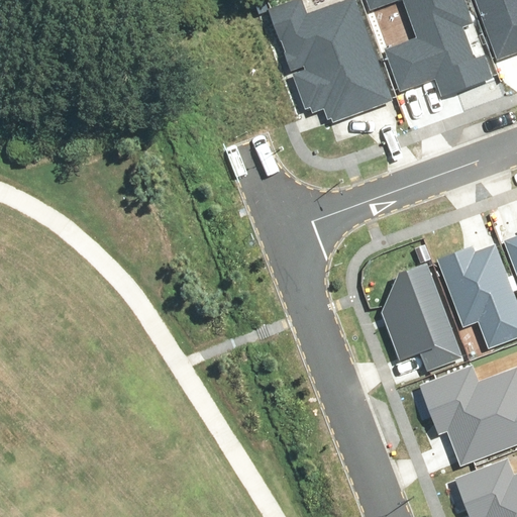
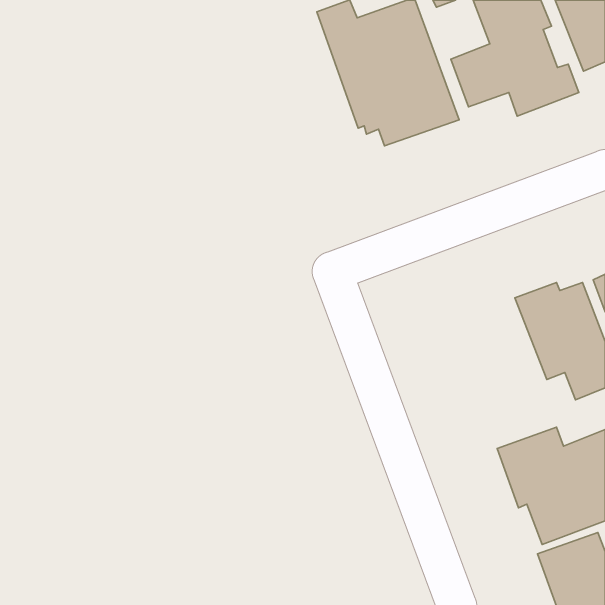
building: [382,257,466,365] -> none

